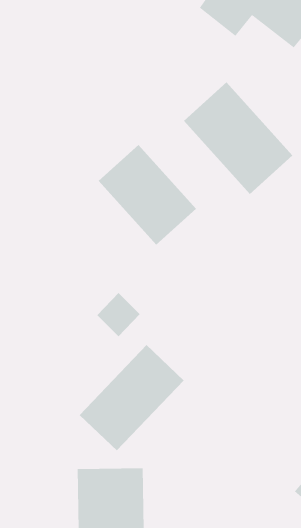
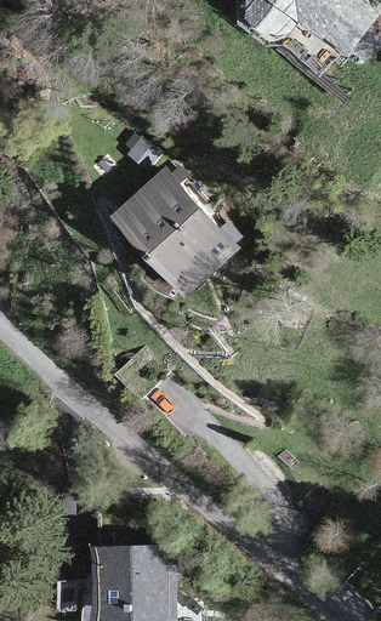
building: [183,82,293,195] -> none
building: [79,344,185,451] -> none

